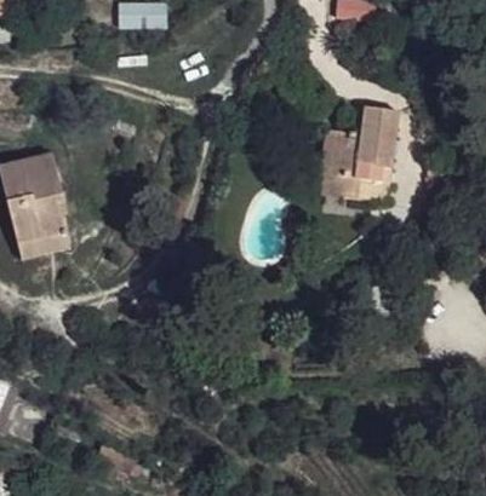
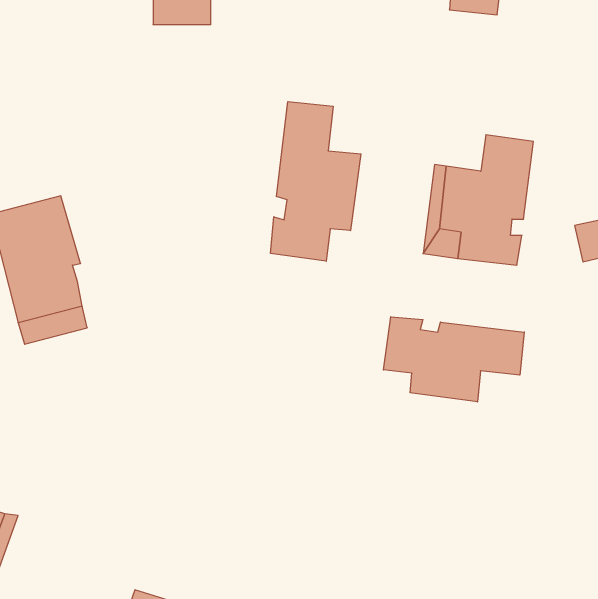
building: none -> [271,102,361,261]
building: none -> [383,317,524,402]

